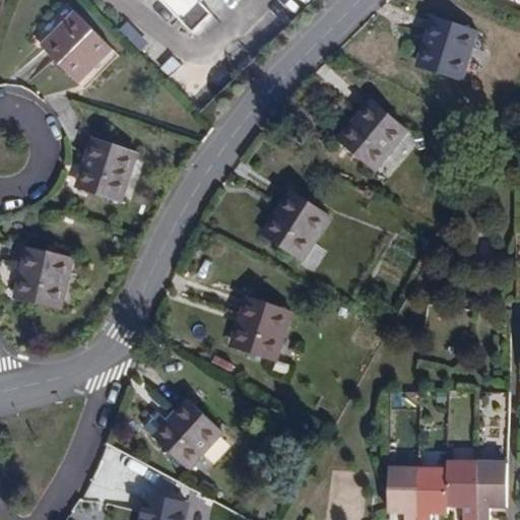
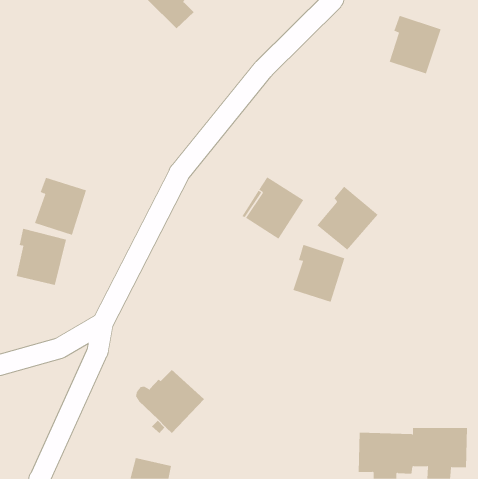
building: [40,11,112,83] -> none
building: [340,100,407,170] -> [317,186,379,251]
building: [79,138,136,201] -> [34,177,87,235]
building: [234,297,290,360] -> [293,244,345,302]

